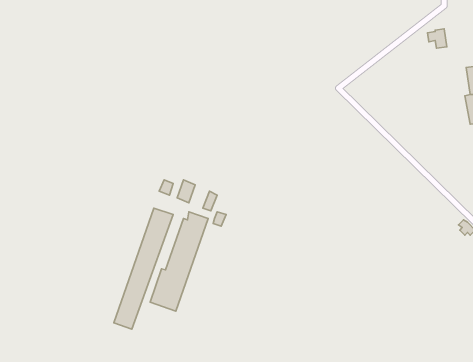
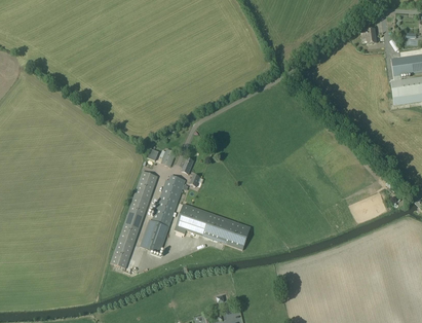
building: none -> [175,203,251,249]

